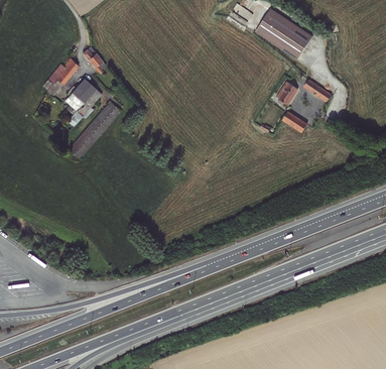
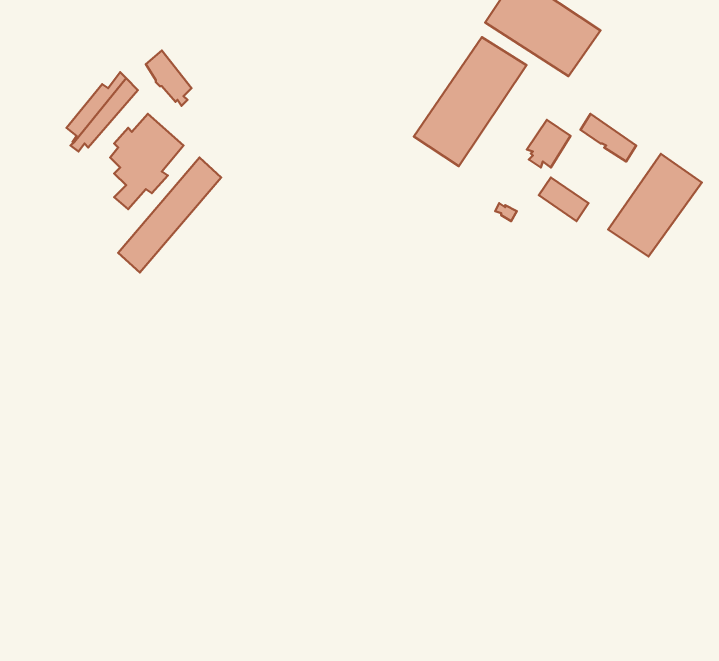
building: none -> [414,37,526,166]
building: none -> [608,154,702,256]

